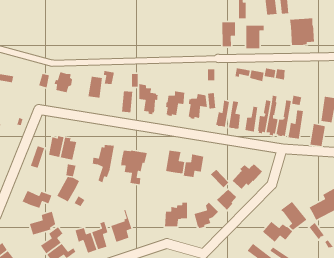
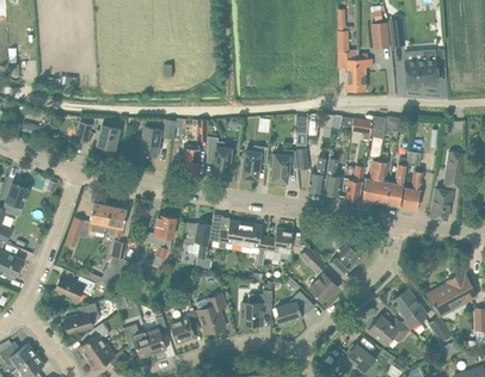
building: [222,21,236,47] -> none
building: none -> [217,220,246,251]
building: none -> [194,292,226,333]

